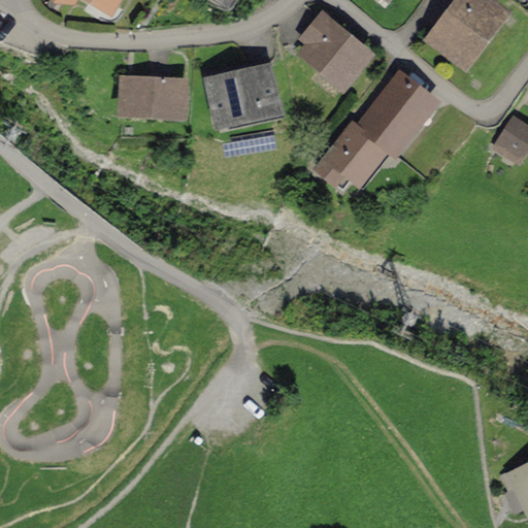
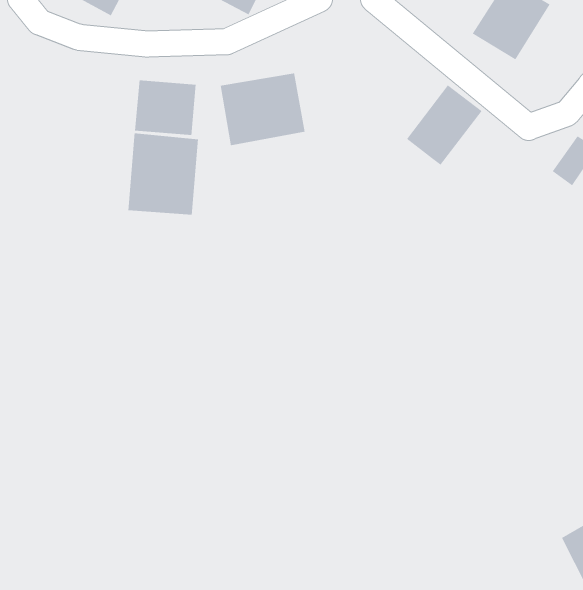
building: [297,19,376,98] -> none
building: [328,118,392,185] -> none
building: none -> [128,133,198,216]

